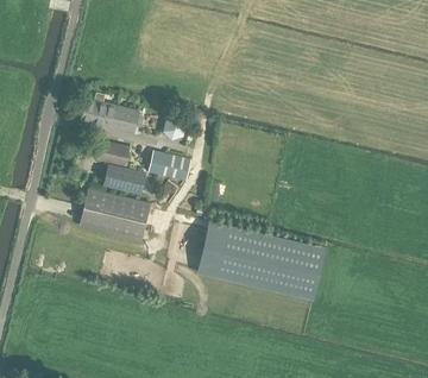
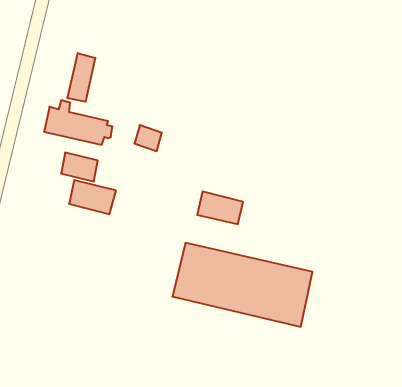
building: none -> [67,53,95,102]
building: [147,150,189,179] -> [197,191,243,224]
building: [78,189,147,240] -> none

